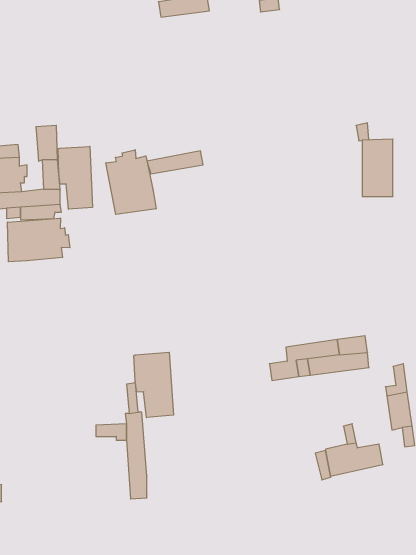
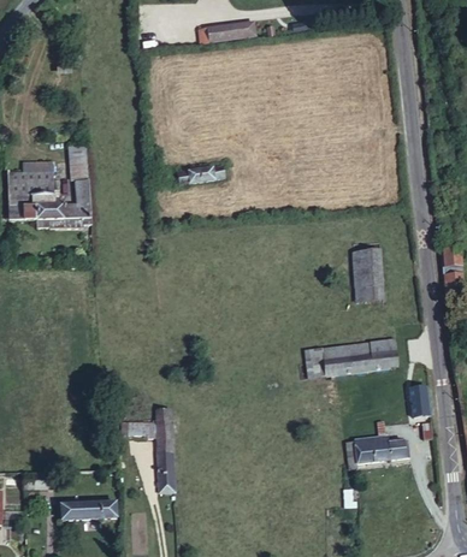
building: [362,139,393,196] -> [354,247,383,301]
building: [58,146,92,209] -> none
building: [106,150,156,214] -> none
building: [8,218,70,262] -> none
building: [134,352,173,418] -> none
building: none -> [64,499,118,519]

